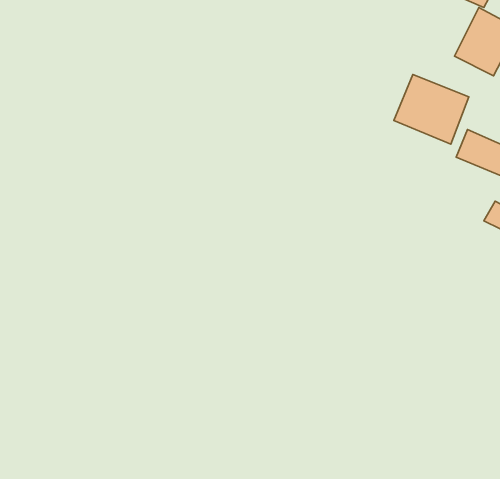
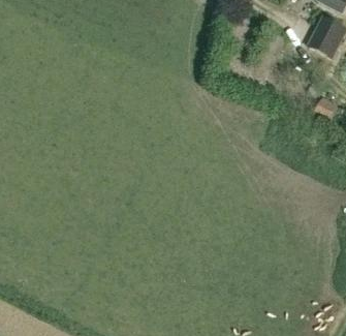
building: [394,74,469,144] -> none

